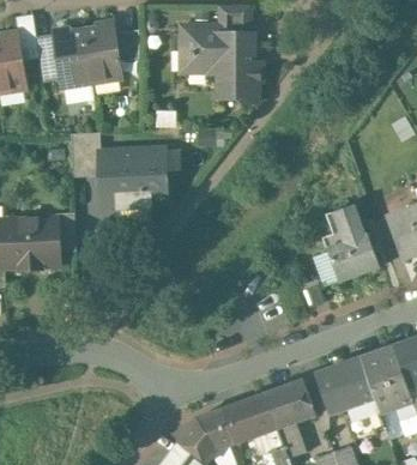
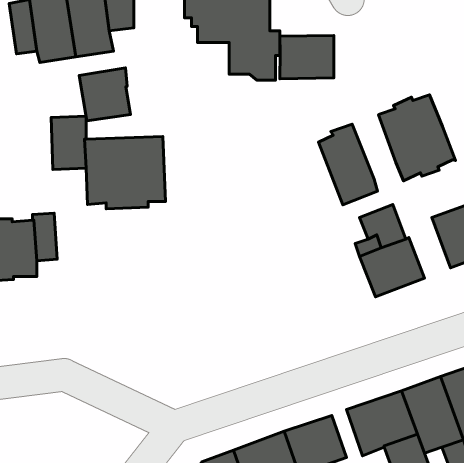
building: none -> [280,35,334,79]
building: none -> [79,68,130,121]
building: none -> [379,95,455,181]
building: none -> [318,124,378,205]

